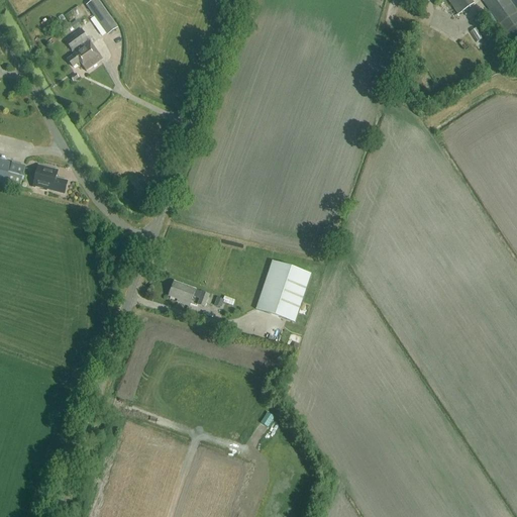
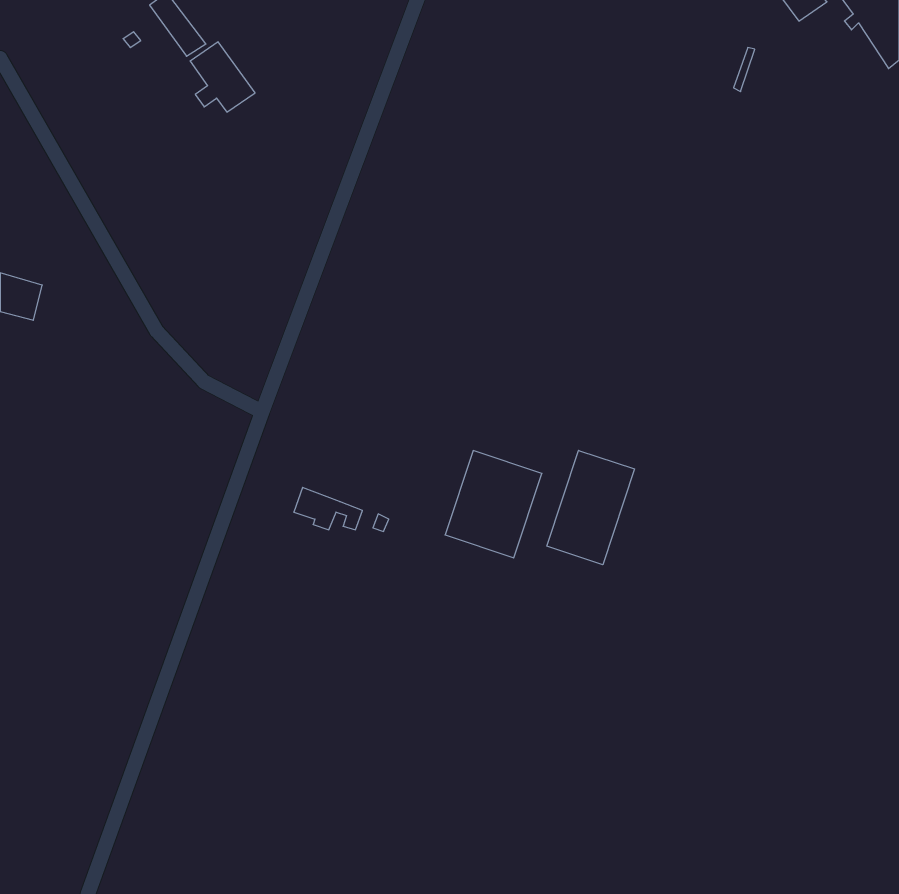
building: [65,27,102,68] -> [190,42,255,112]
building: [32,162,68,192] -> none
building: none -> [547,450,635,565]

